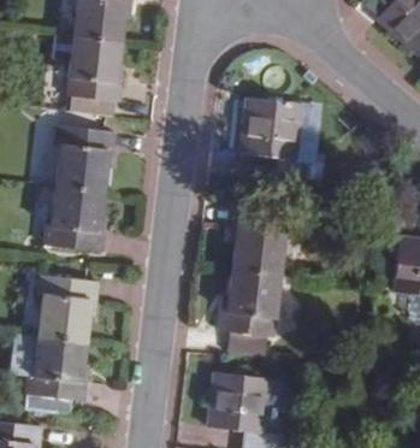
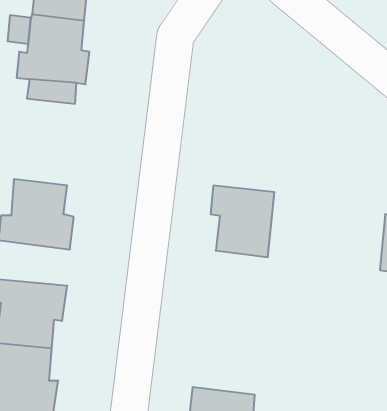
building: [241,90,313,177] -> none
building: [46,134,114,201] -> none
building: [221,261,284,349] -> none

